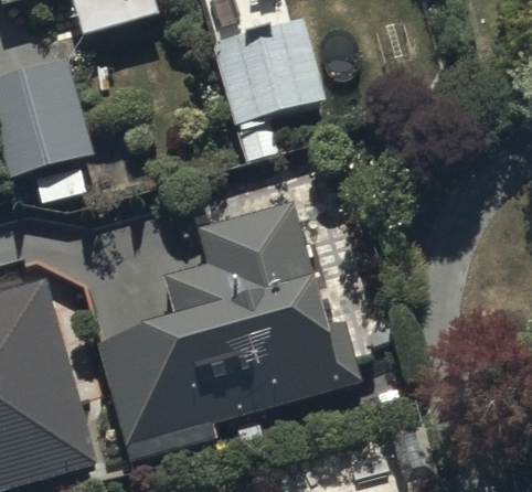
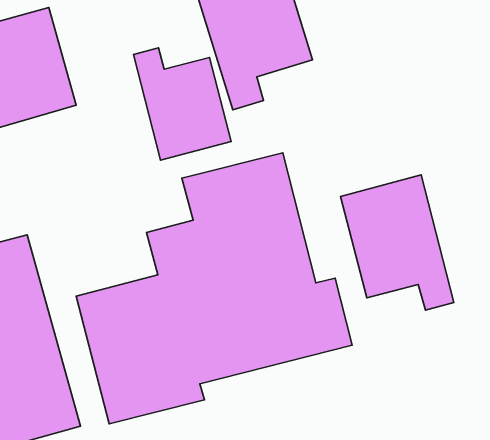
building: none -> [134,48,231,160]
building: none -> [340,175,454,310]

